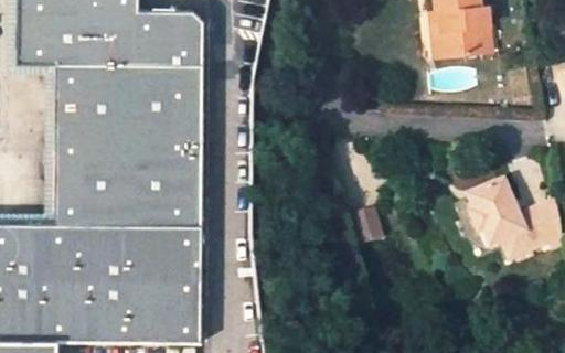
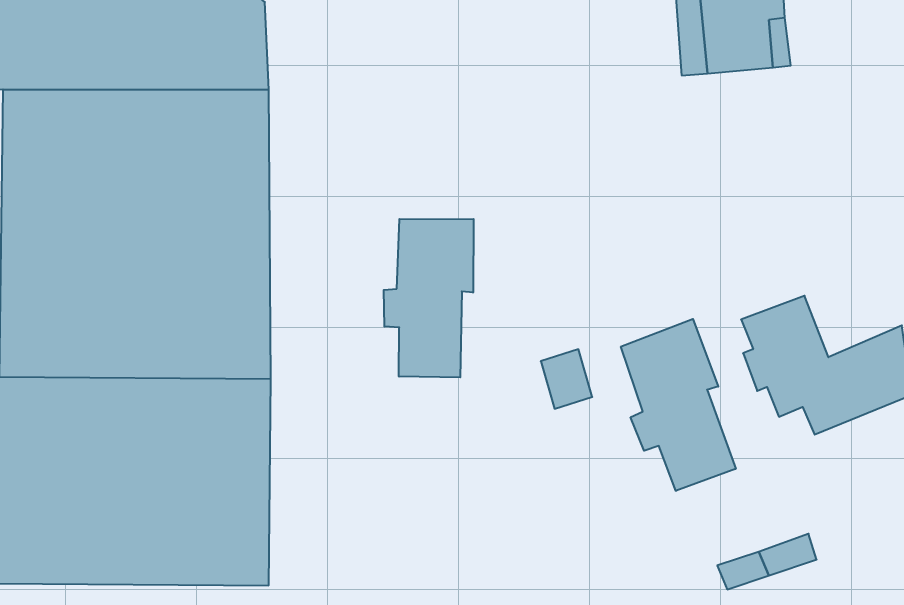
building: none -> [384,219,474,377]
building: none -> [621,319,736,491]

